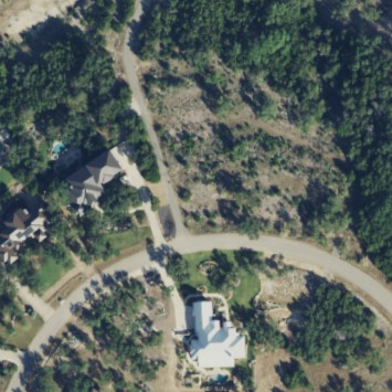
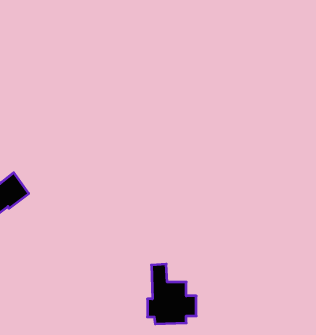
building: [55,148,123,213] -> none

